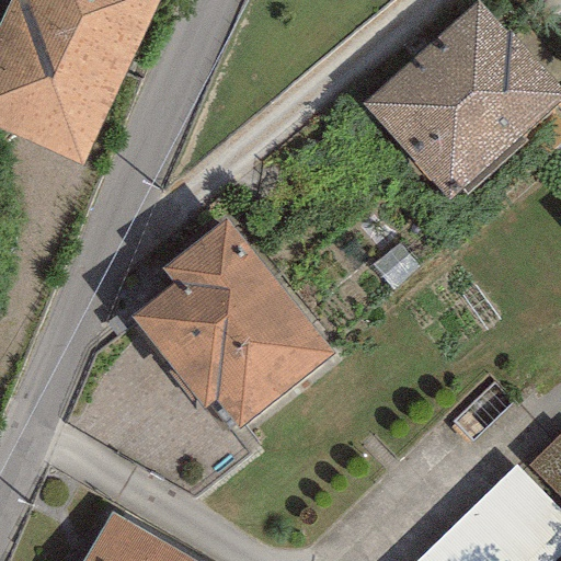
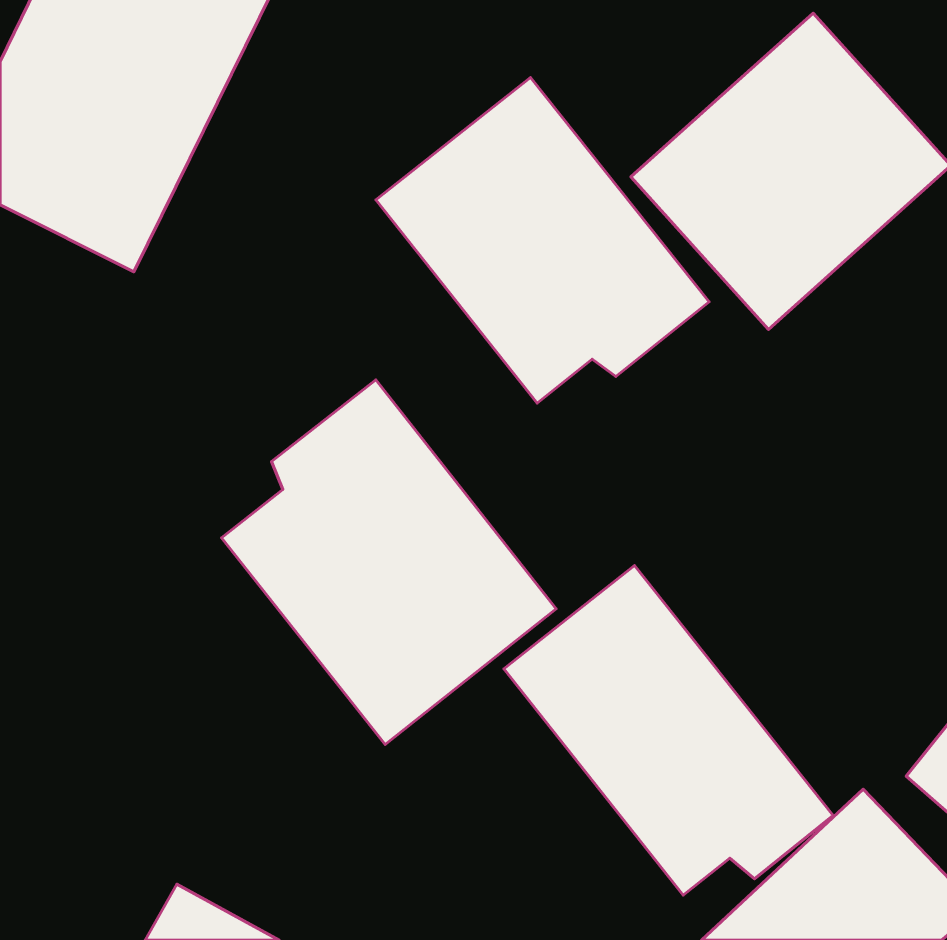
building: none -> [376,77,709,403]
building: none -> [504,566,833,895]

